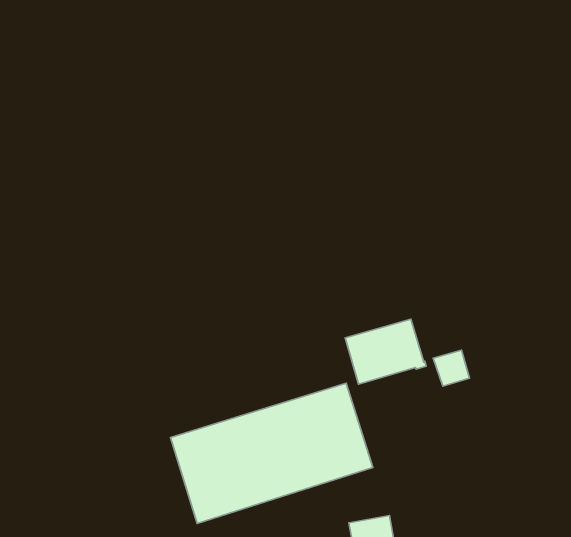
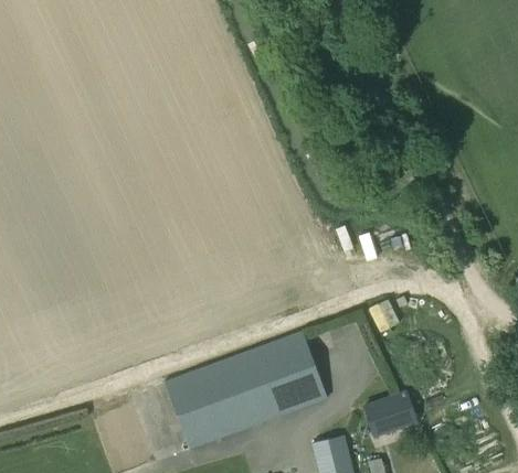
building: [345,319,426,384] -> none
building: none -> [362,388,417,436]

